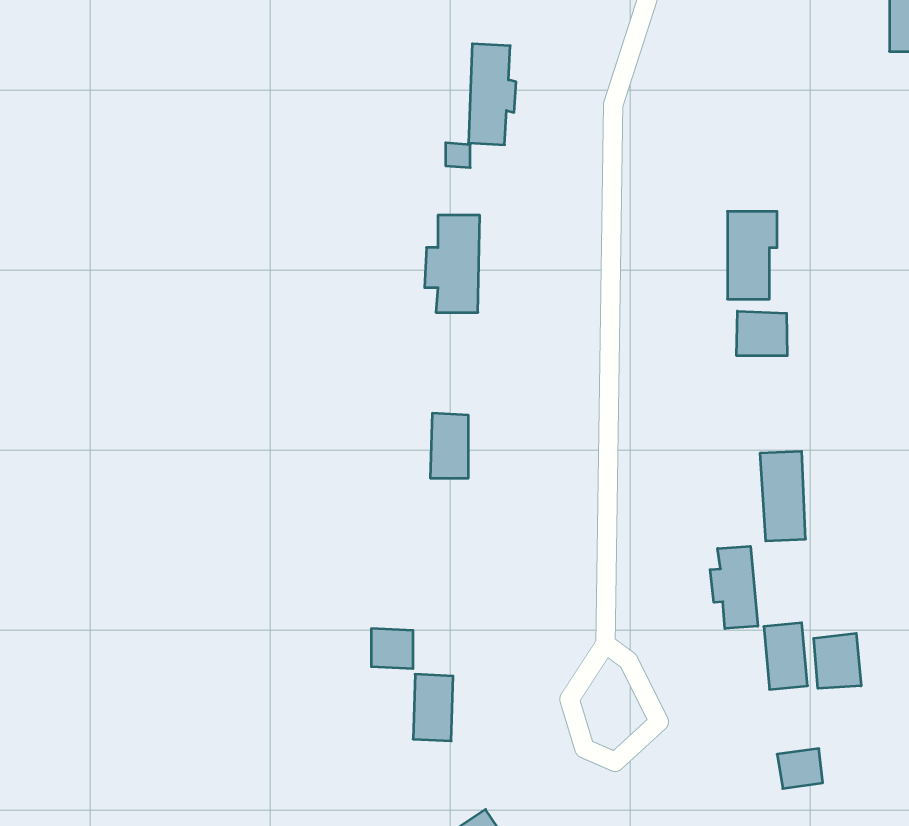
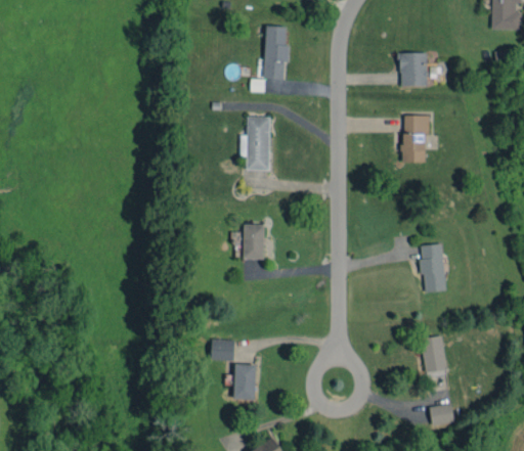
building: none -> [400,53,428,87]
building: [737,311,787,356] -> none
building: [710,546,758,629] -> none
building: [814,633,861,688] -> none

